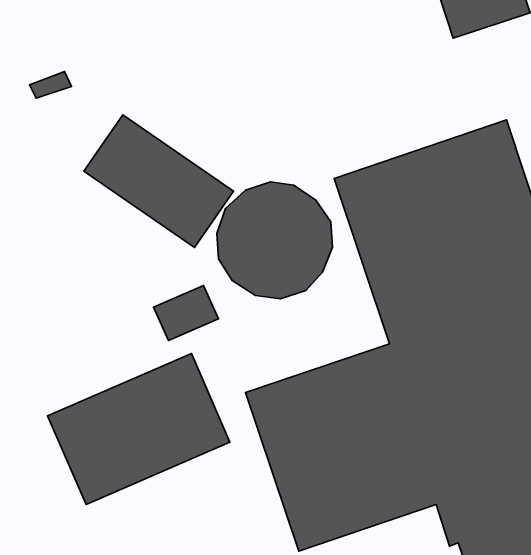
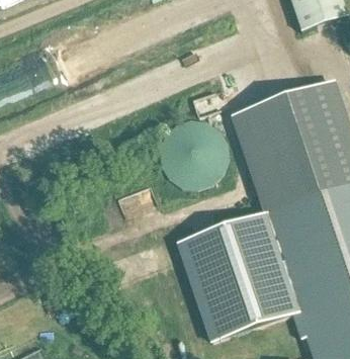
building: [84,115,234,248] -> none
building: [48,354,230,504] -> none

